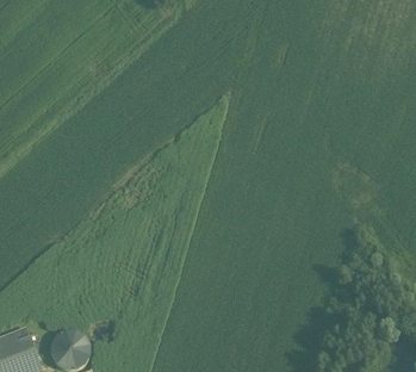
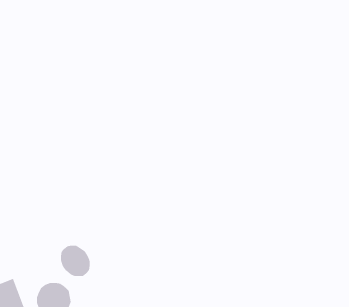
building: none -> [60,245,90,277]

